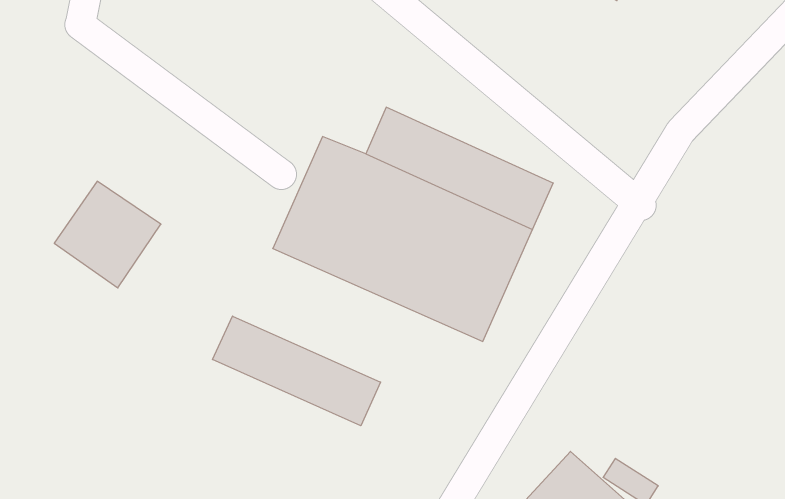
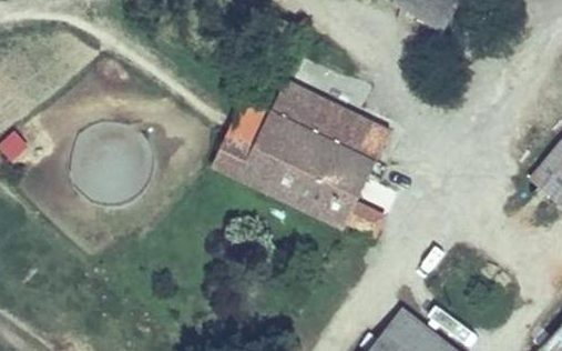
building: [213,316,381,426] -> none

